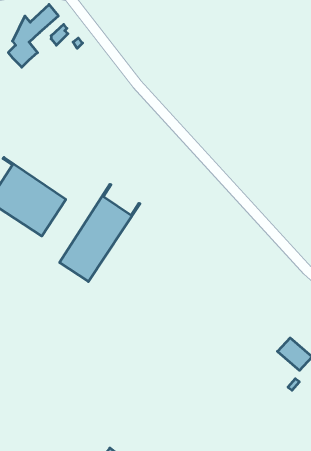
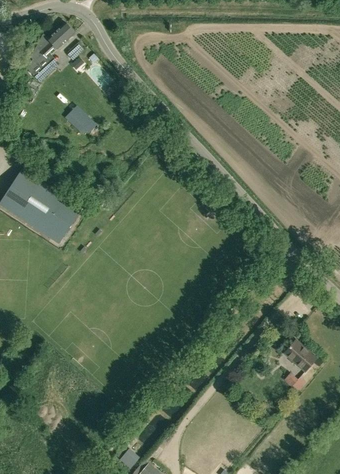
building: none -> [63,106,96,137]
building: [60,184,140,282] -> none

